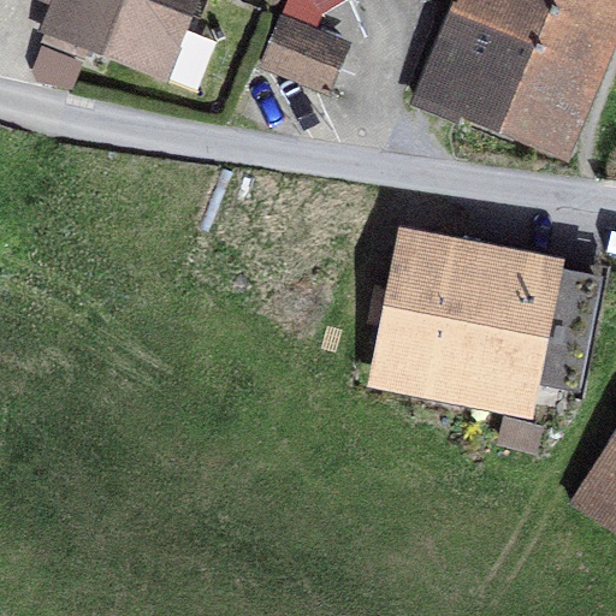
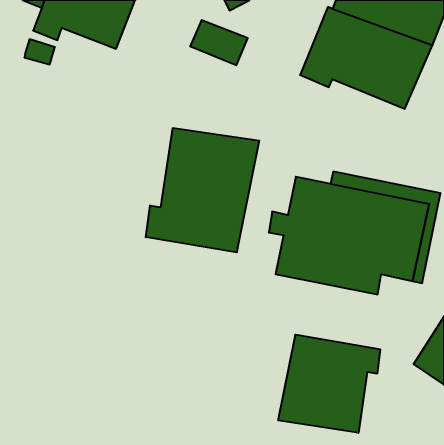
building: none -> [146,128,259,252]
building: none -> [278,335,380,433]

